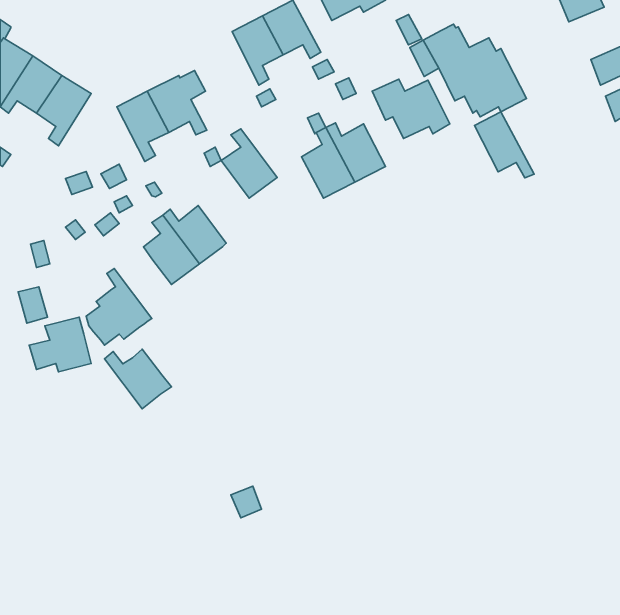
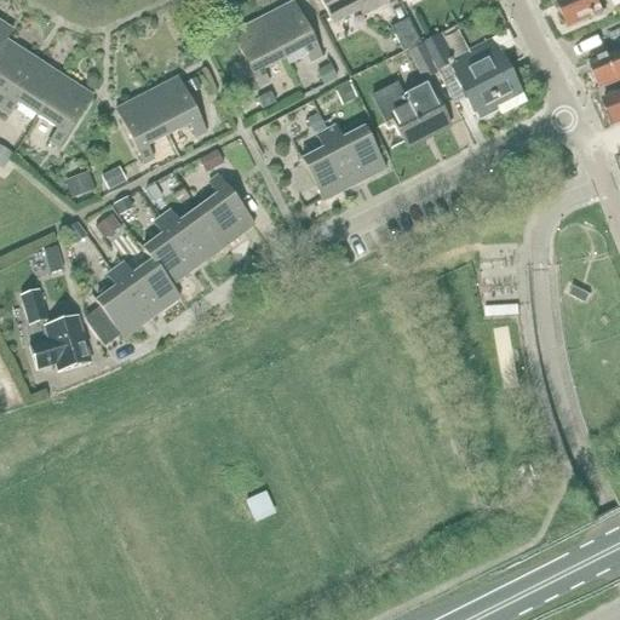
building: [475,112,534,178] -> none
building: [221,129,277,198] -> [199,173,254,242]
building: [105,349,171,409] -> [115,258,182,317]

